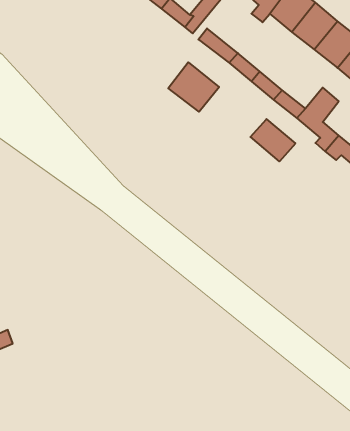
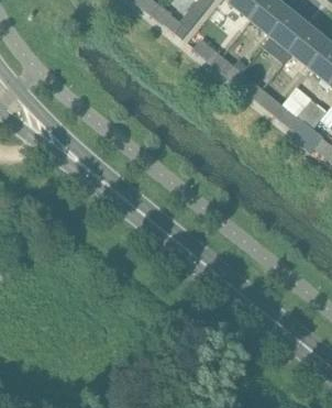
building: [168,62,219,112] -> none
building: [250,119,295,161] -> none

